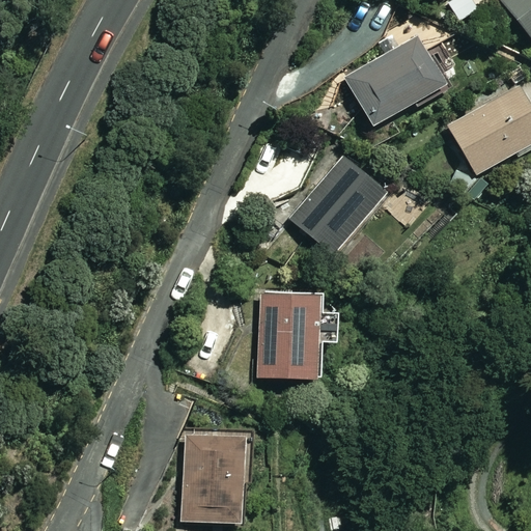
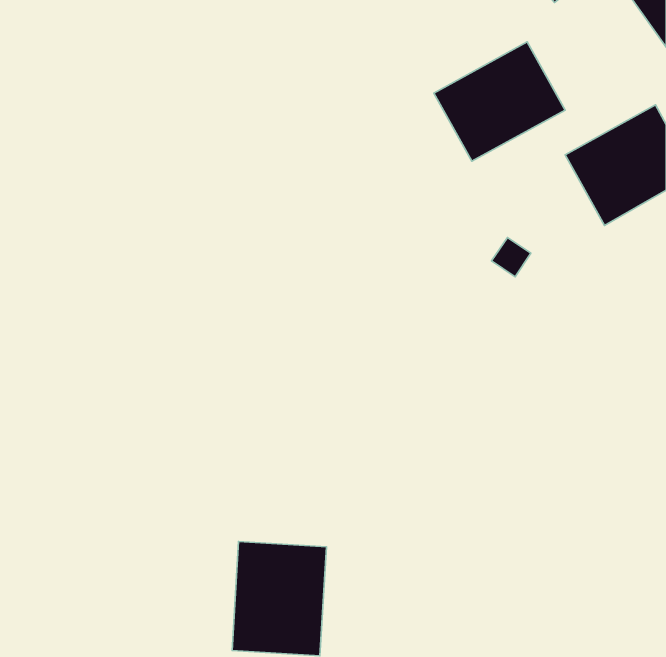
building: [287,156,385,254] -> none
building: [257,295,325,383] -> none

